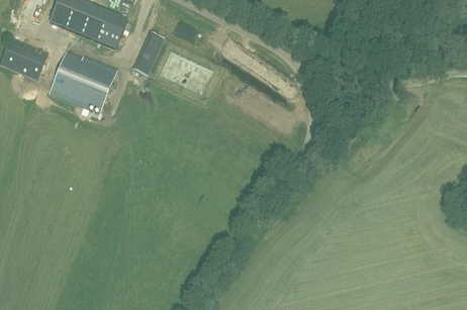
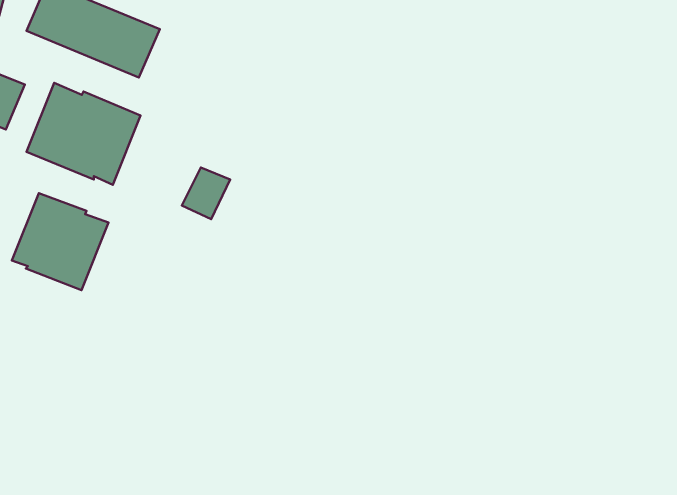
building: [130,42,159,73] -> [182,167,230,219]
building: none -> [12,193,109,290]

